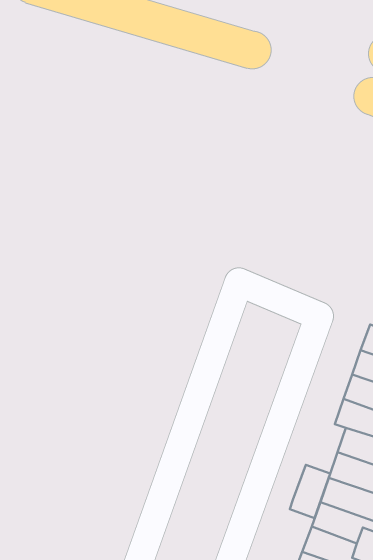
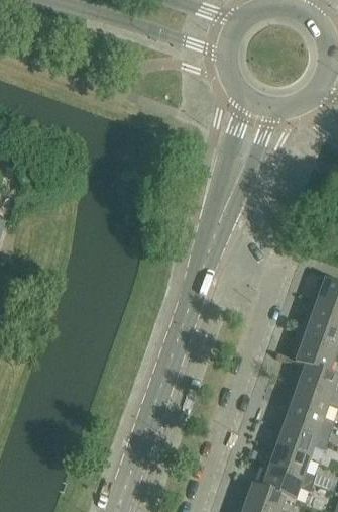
building: [290,465,330,518] -> none

